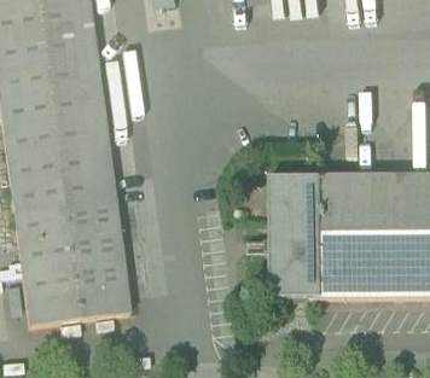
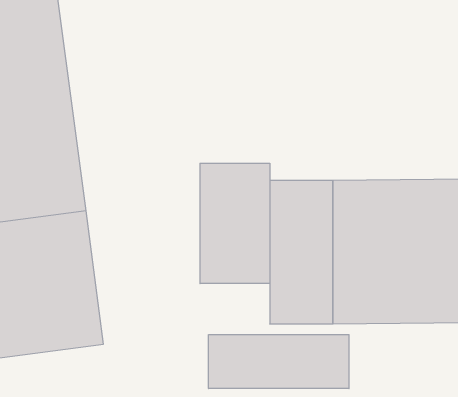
building: none -> [200,163,270,284]
building: none -> [209,335,349,389]

